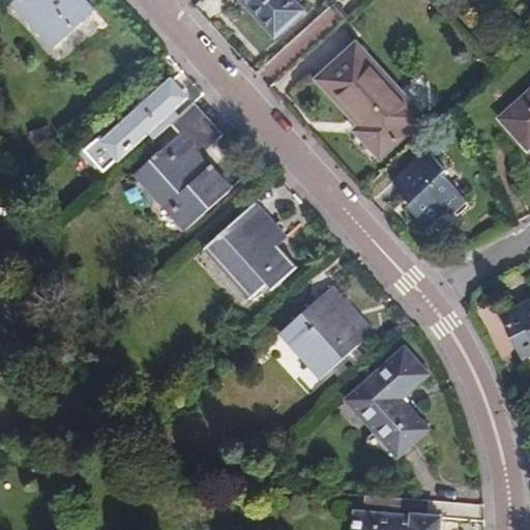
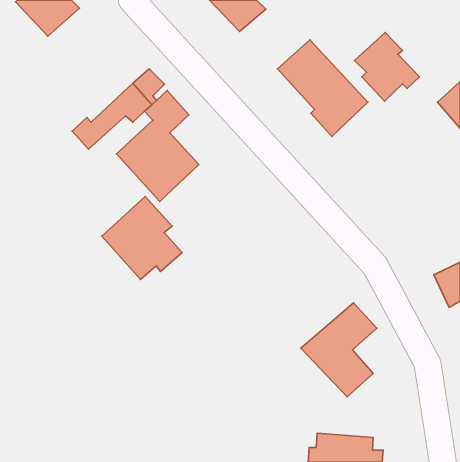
building: [393,152,468,231] -> [355,32,420,101]
building: [204,203,296,298] -> [102,196,182,280]
building: [279,285,372,376] -> none

